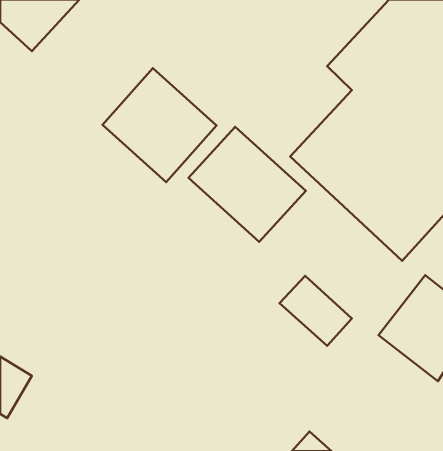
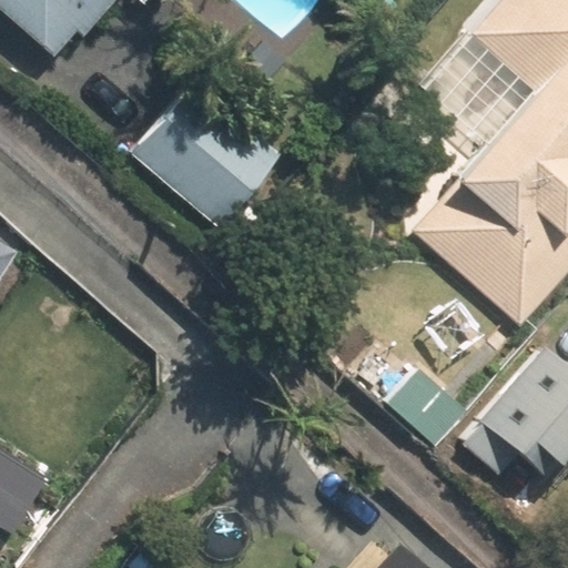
building: [188,127,306,242] -> none

